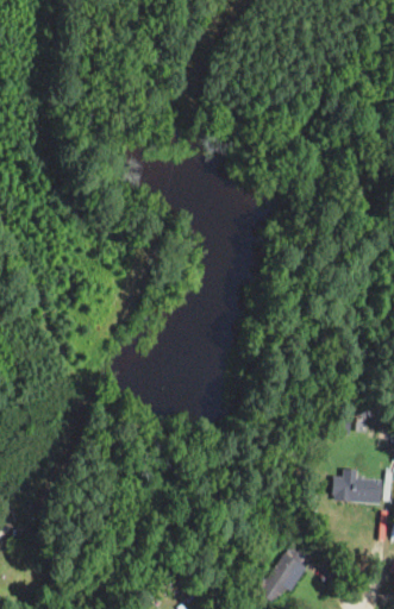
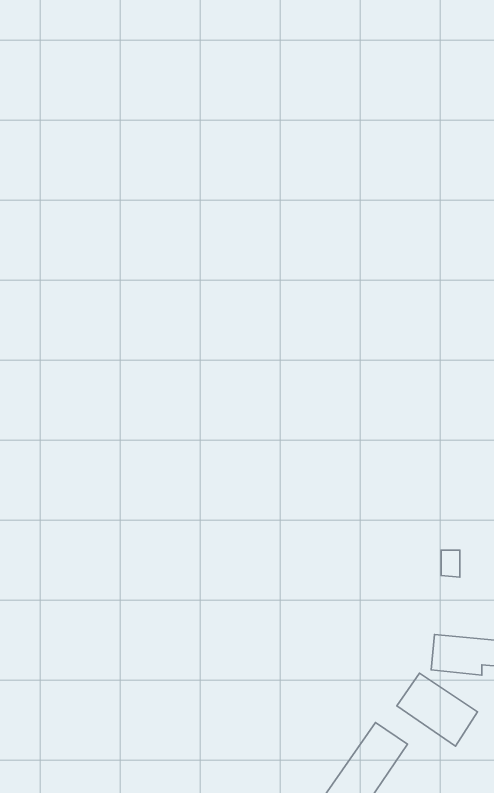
building: none -> [397,673,477,746]

